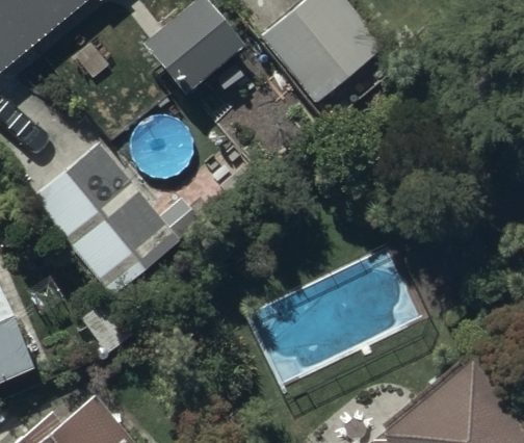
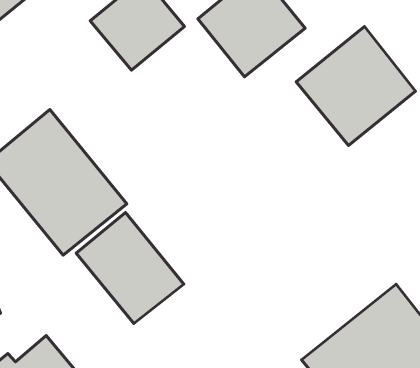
building: none -> [296,26,416,146]
building: none -> [76,212,184,324]

